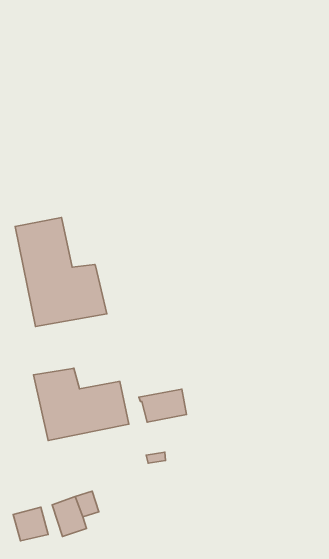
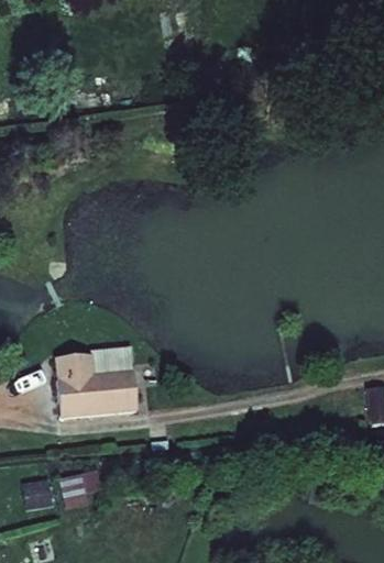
building: [15,218,107,326] -> none
building: [139,389,187,422] -> [90,345,133,373]

